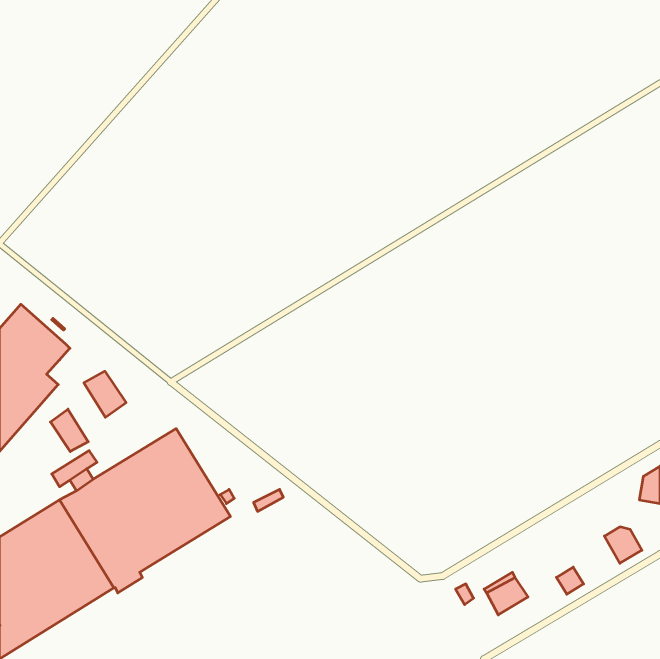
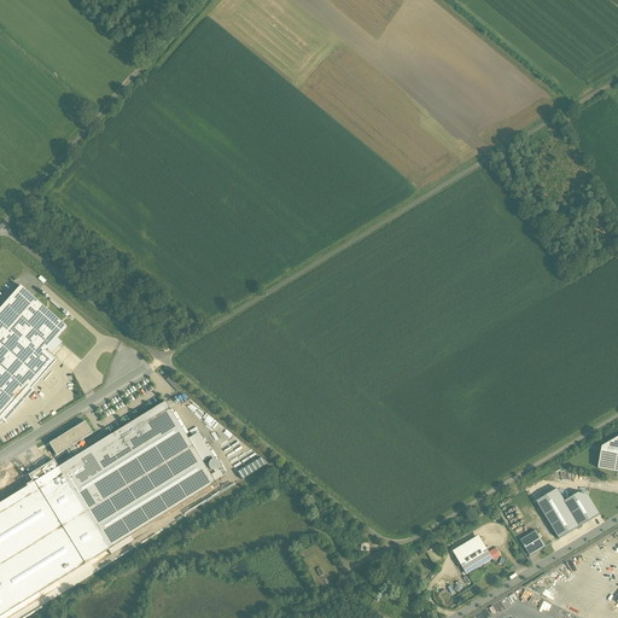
building: [84,371,126,417] -> none
building: [50,409,88,452] -> none
building: none -> [536,486,578,537]

